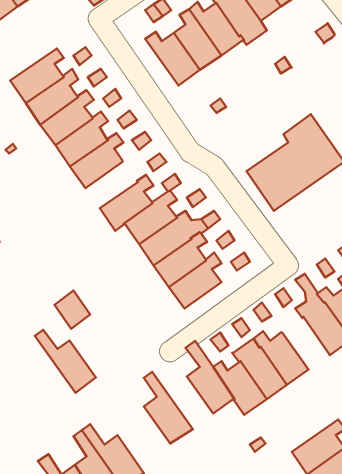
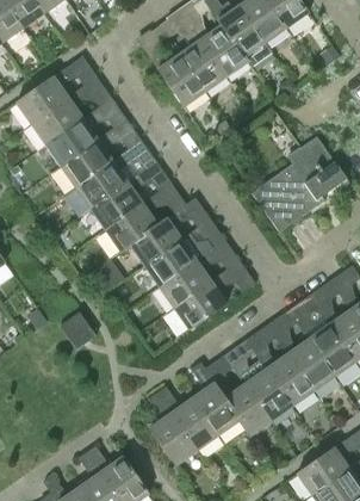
building: none -> [91,174,143,229]
building: none -> [280,338,335,390]
building: [35,330,96,393] -> [157,386,218,450]

